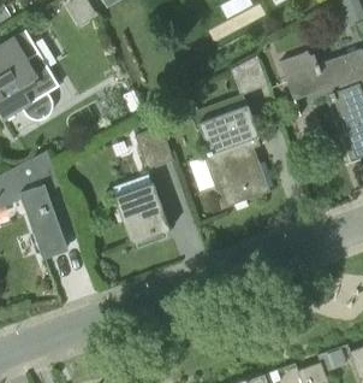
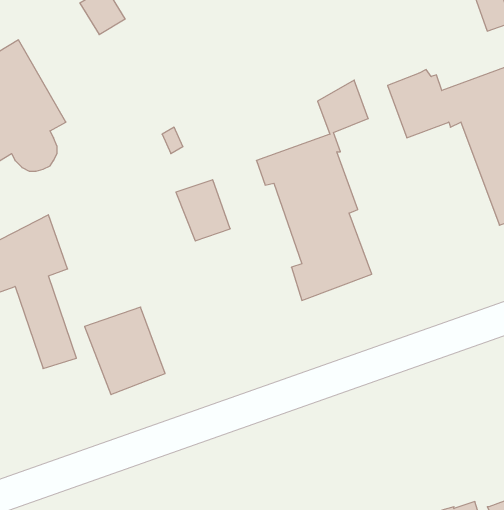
building: [114,184,169,244] -> [85,307,165,395]

